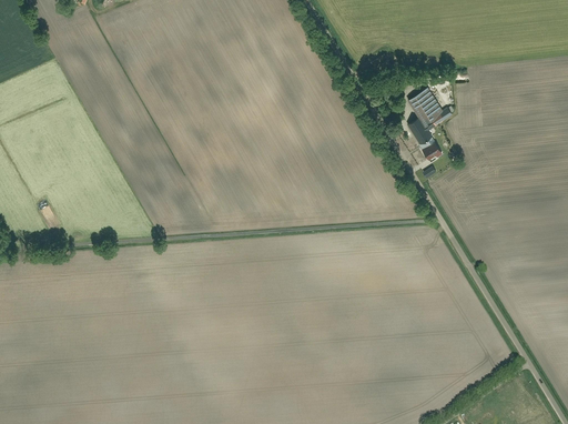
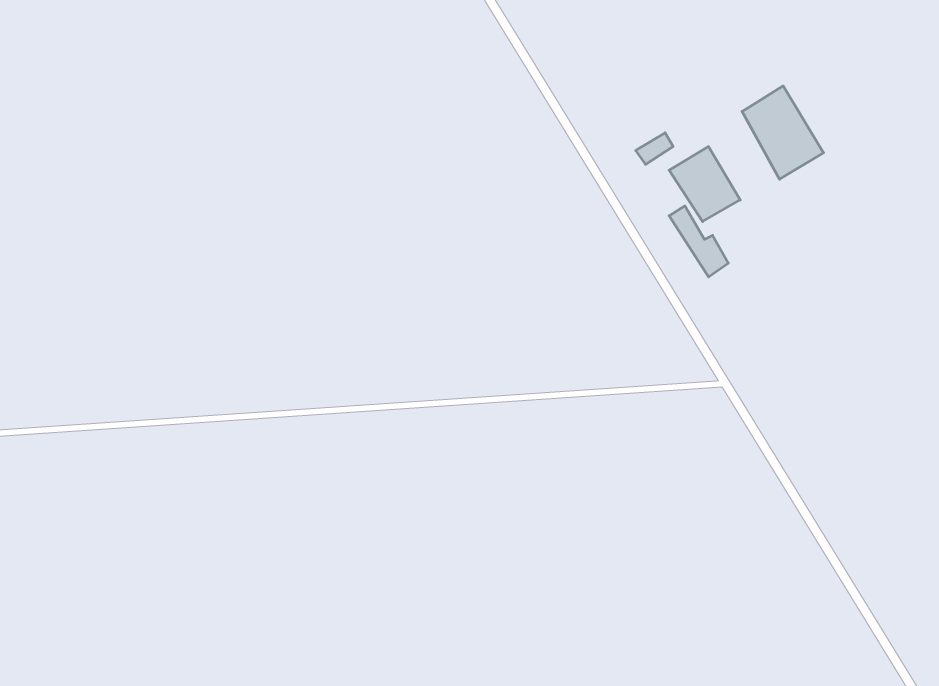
building: none -> [742,86,824,179]

